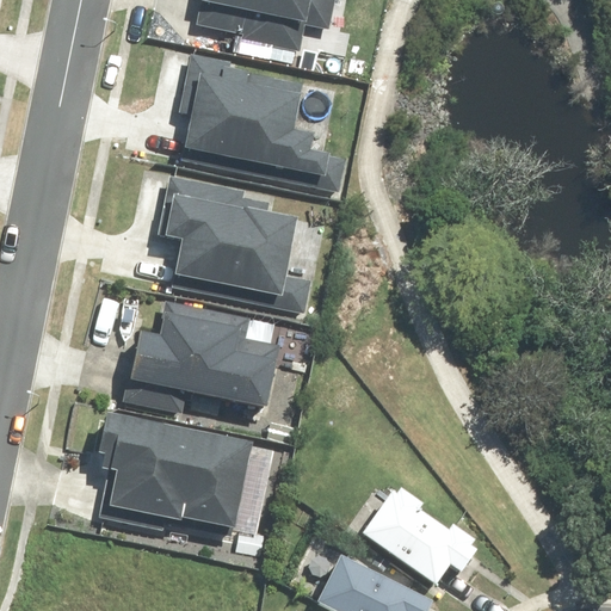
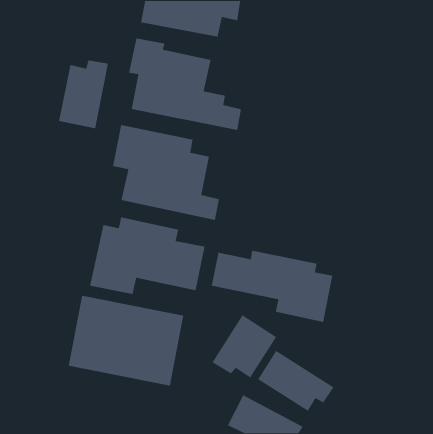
building: none -> [58,60,109,129]
building: none -> [211,250,333,323]
building: none -> [211,314,277,379]

